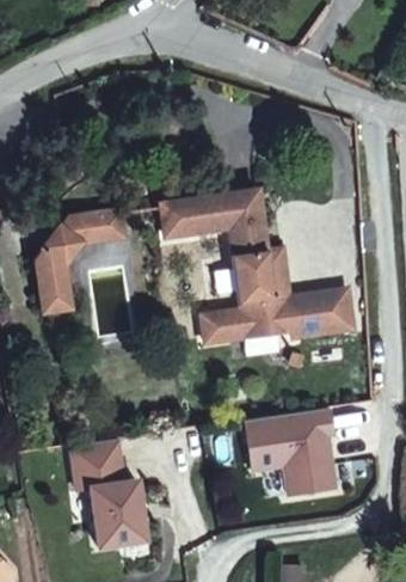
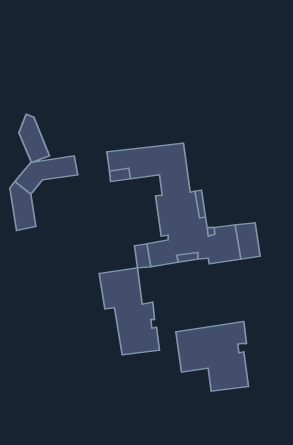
building: none -> [19,114,49,162]
building: [67,442,142,551] -> [99,268,159,355]

